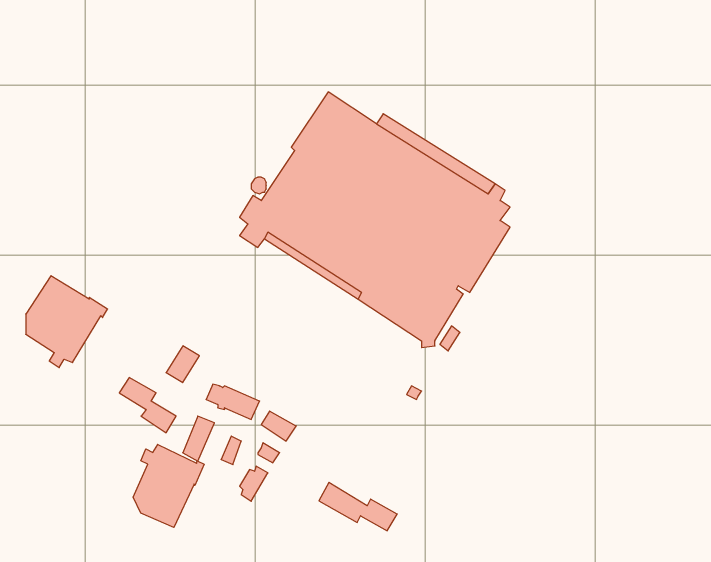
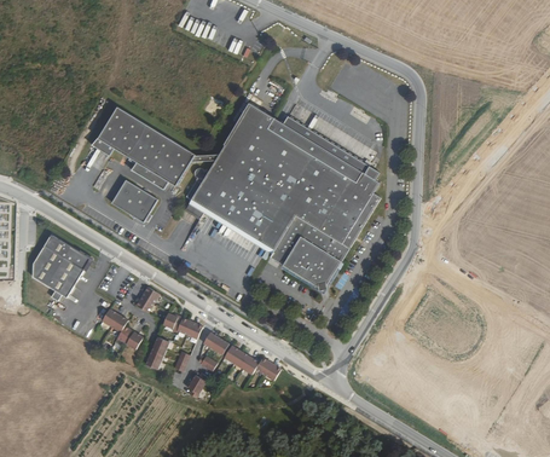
building: none -> [94,106,221,187]
building: none -> [114,178,160,219]
building: [133,444,204,527] -> none
building: [319,482,397,531] -> [222,346,279,381]

